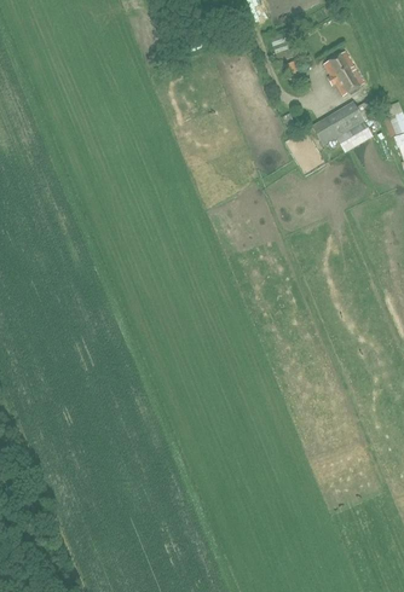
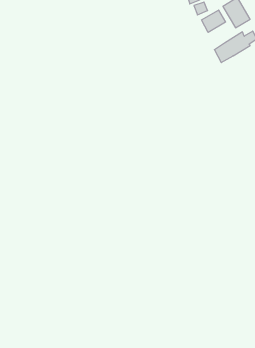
building: none -> [202,10,226,32]

